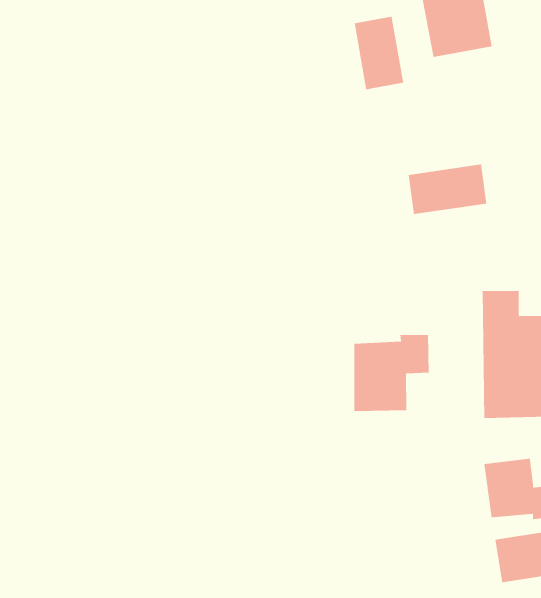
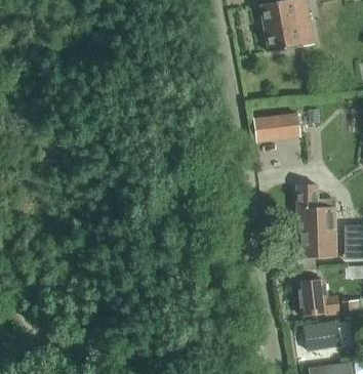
building: [354,16,404,90] -> none
building: [354,334,429,412] -> none

